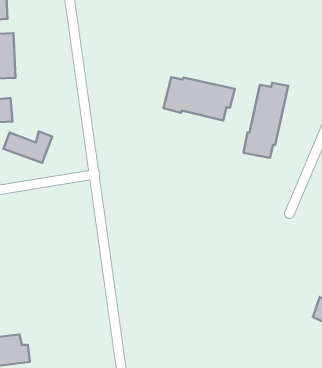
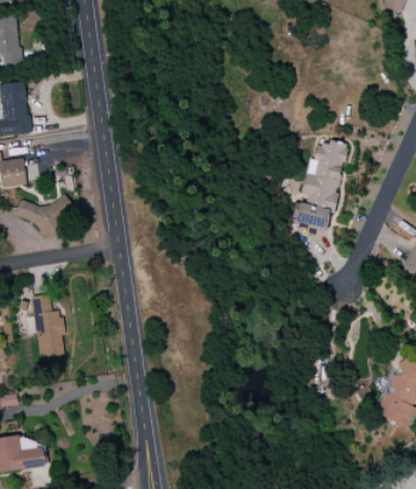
building: [163,77,235,120] -> none
building: none -> [26,294,64,357]

